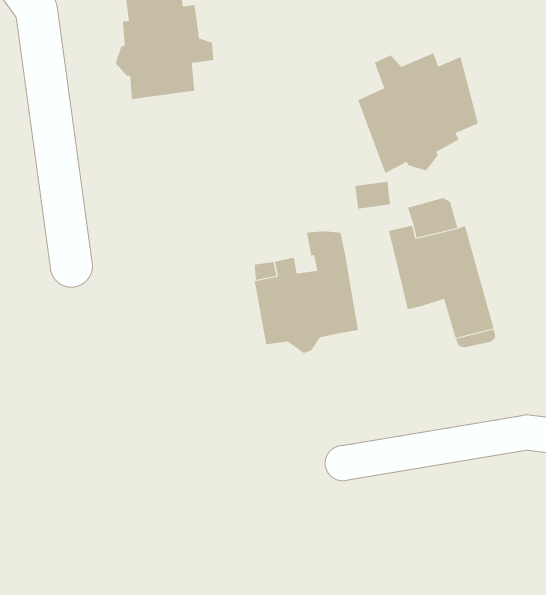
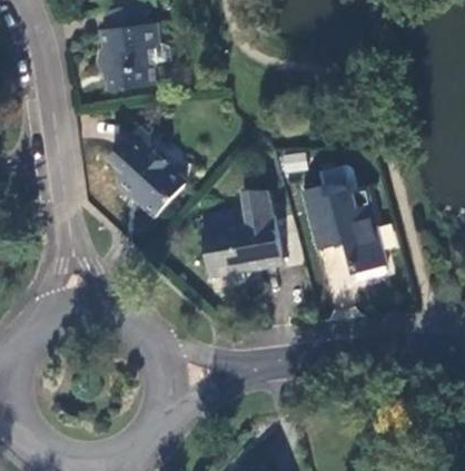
building: [358,53,478,174] -> none
building: none -> [107,126,185,217]

